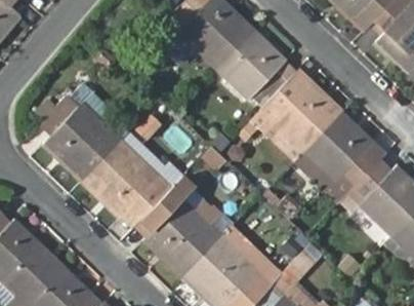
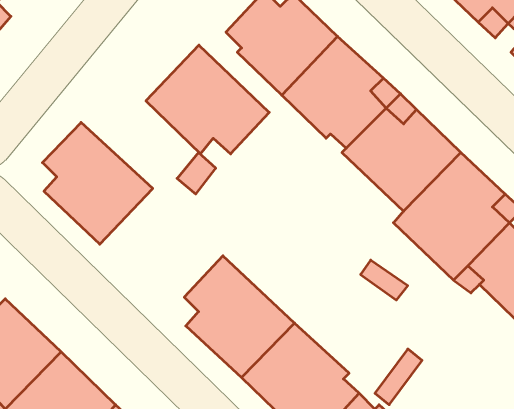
building: [84,139,172,217] -> [146,45,269,154]

